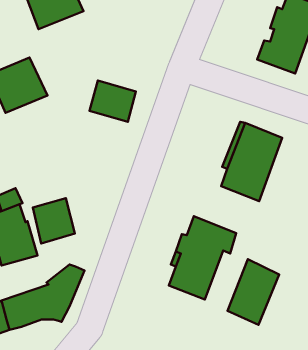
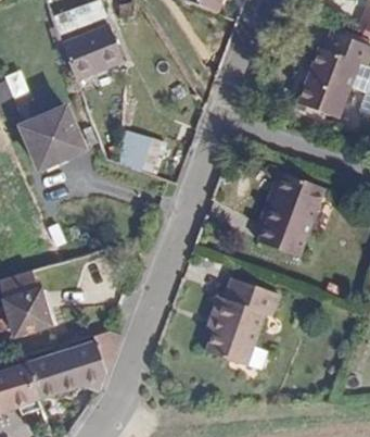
building: [33,198,75,243] -> none
building: [227,259,279,325] -> none

